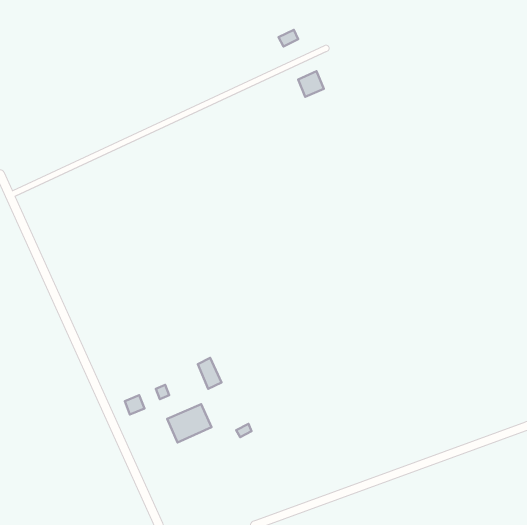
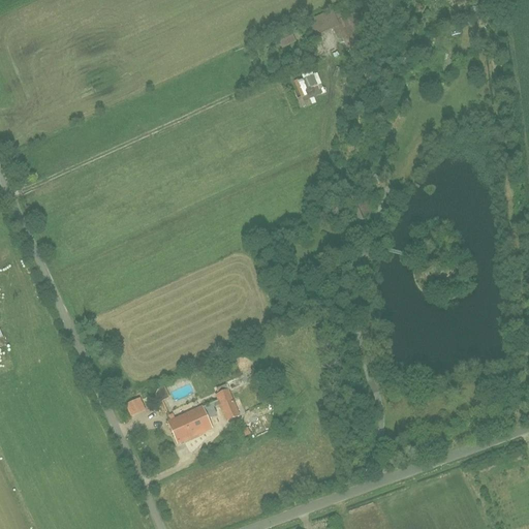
building: [198,358,222,389] -> [216,387,240,418]

